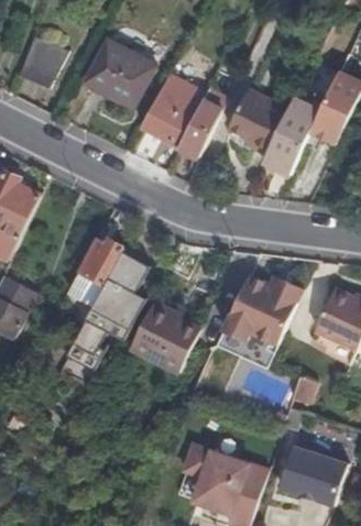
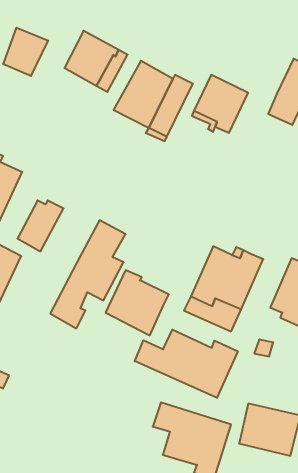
building: [262,95,319,173] -> none
building: [74,238,124,294] -> [17,200,64,251]
building: none -> [135,330,238,398]

